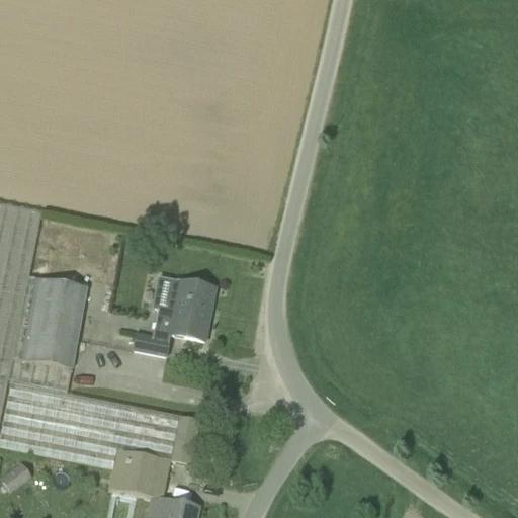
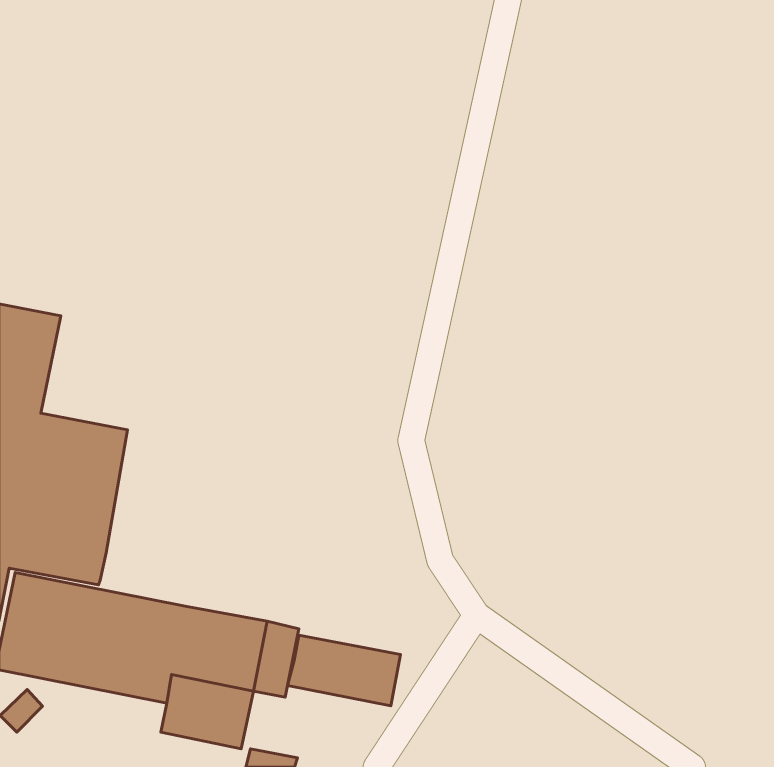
building: [133,281,209,355] -> none
building: none -> [288,635,401,706]

